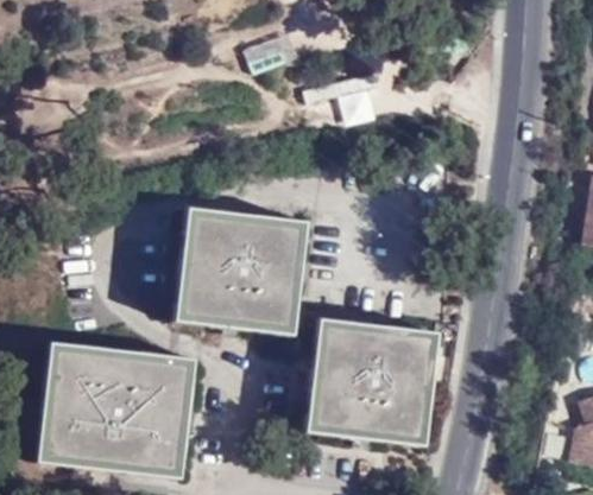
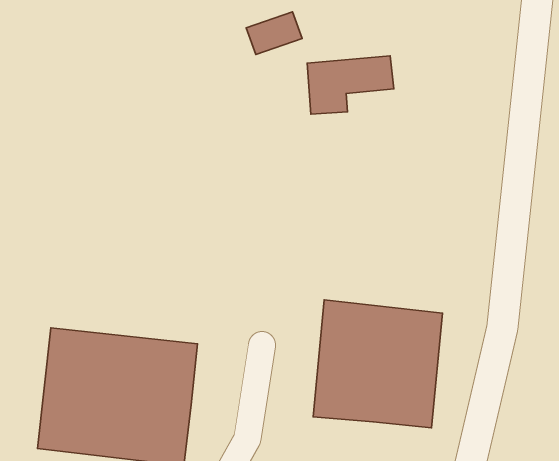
building: [175,205,304,332] -> none

